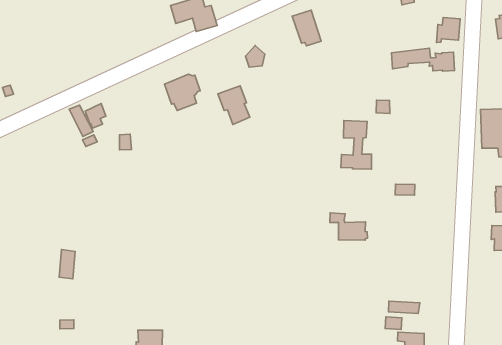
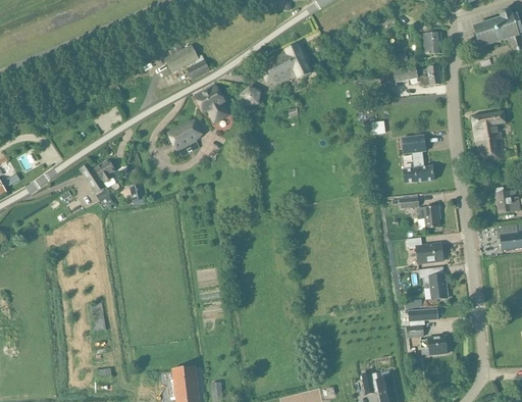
building: none -> [264,51,293,84]
building: [218,86,250,125] -> [196,86,229,123]
building: [341,121,372,169] -> [402,135,434,182]
building: none -> [417,205,439,229]
building: [330,213,368,240] -> [407,238,446,263]
building: none -> [419,267,449,299]

